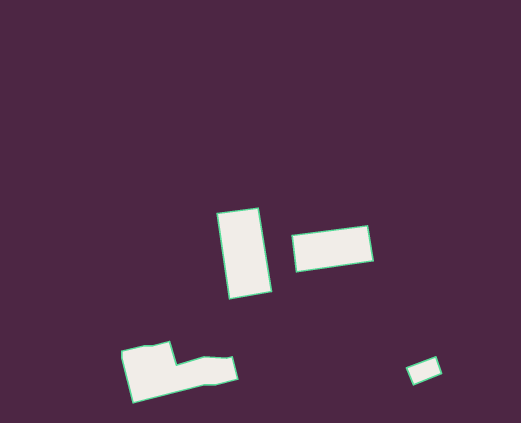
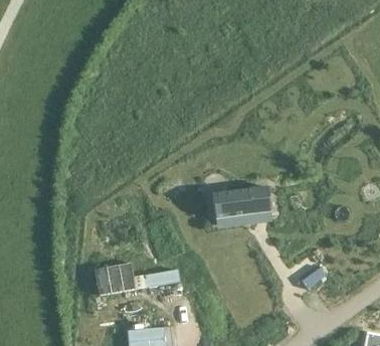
building: [217,208,272,299] -> none

